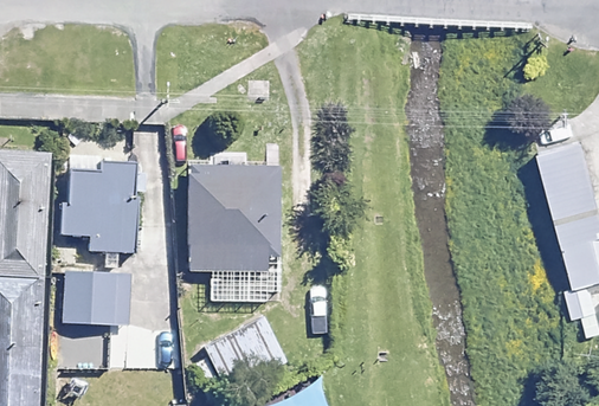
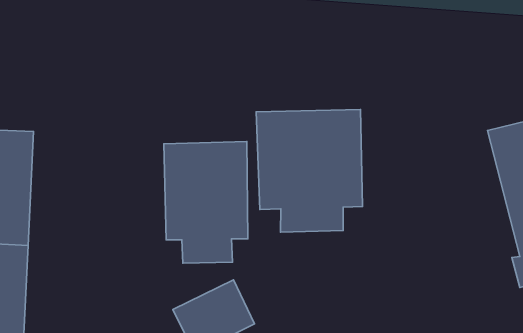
building: none -> [256,110,363,232]
building: [65,166,137,252] -> none
building: [63,275,131,324] -> none

